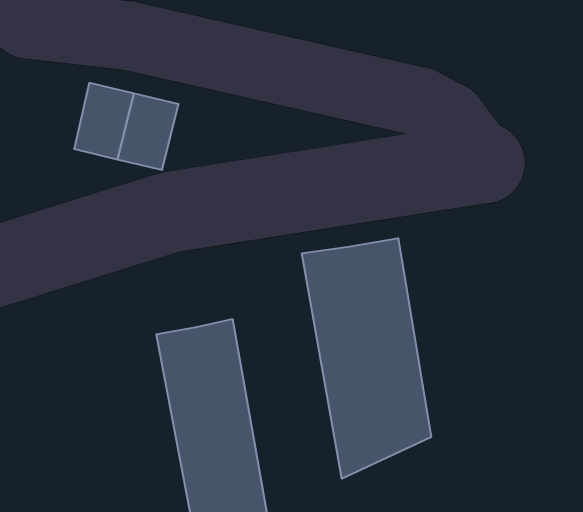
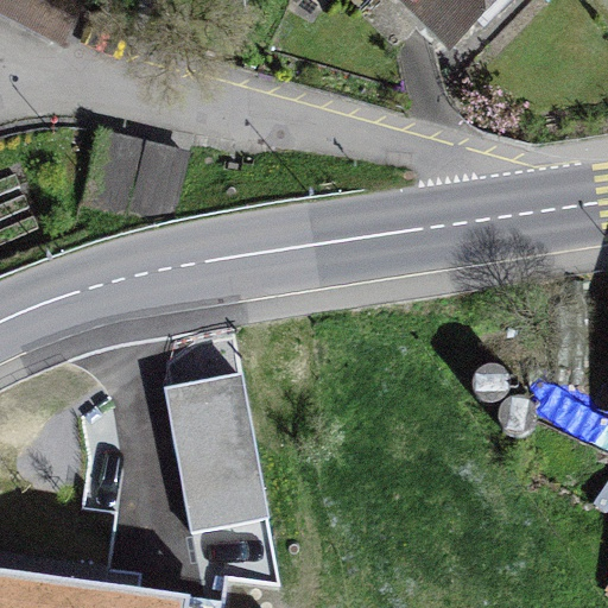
building: [302,238,431,479] -> none

